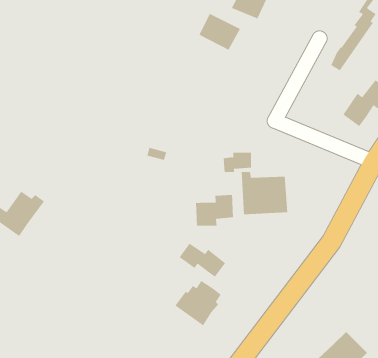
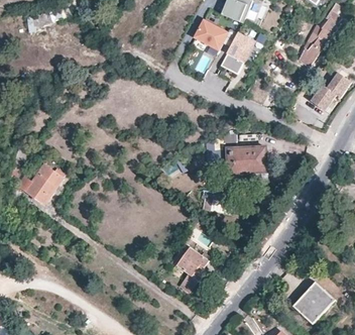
building: none -> [223,31,254,70]
building: [195,194,233,226] -> none
building: [179,243,226,277] -> none

